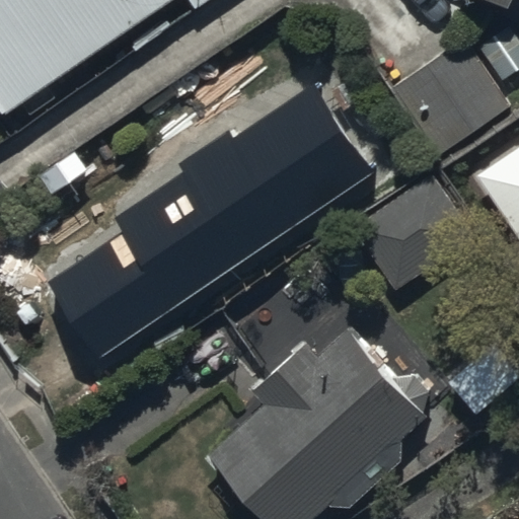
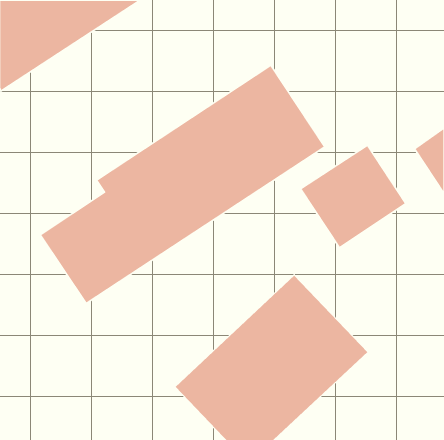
building: [399,40,509,150] -> none

